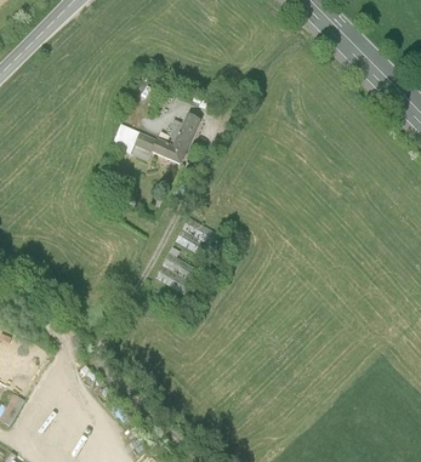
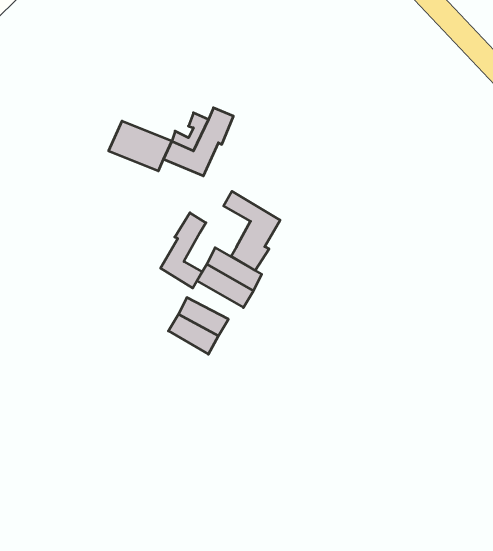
building: none -> [224,191,280,270]
building: none -> [161,213,206,288]

